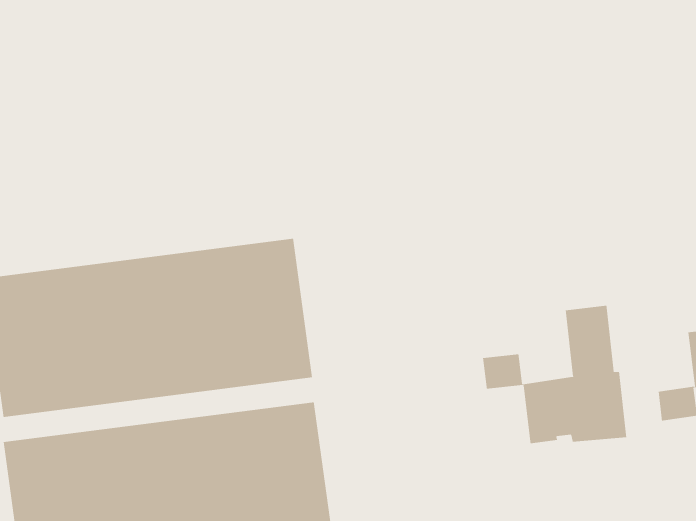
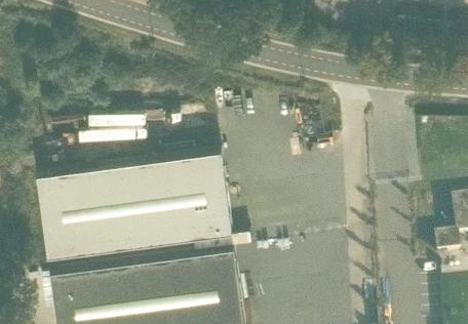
building: [482,305,627,444] -> none

